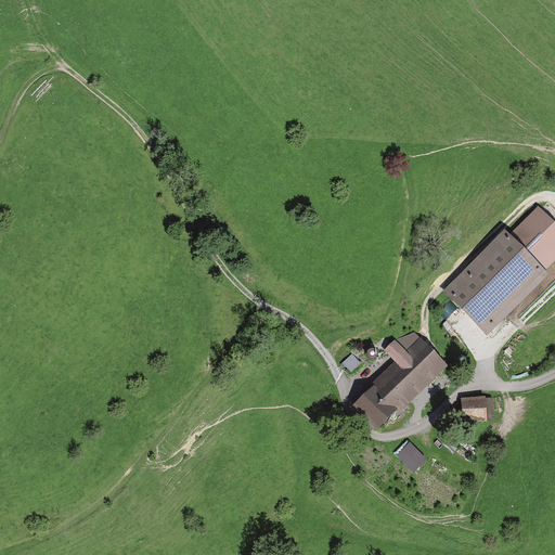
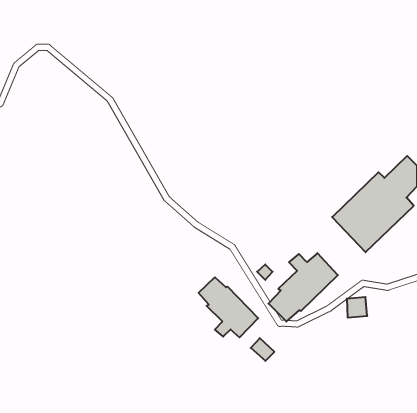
building: none -> [199,277,258,337]
building: [397,440,428,470] -> [251,338,274,361]

